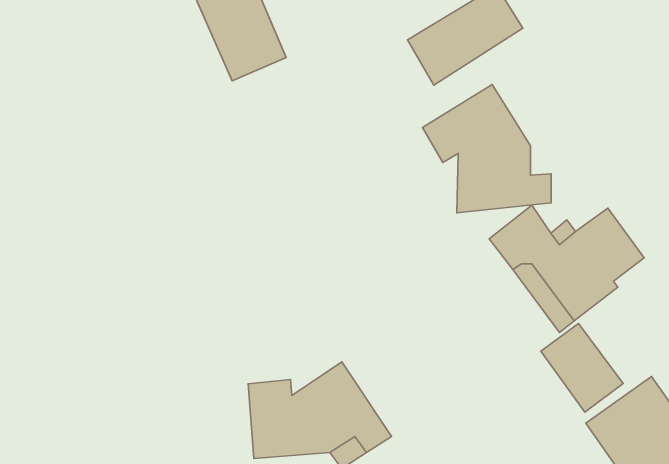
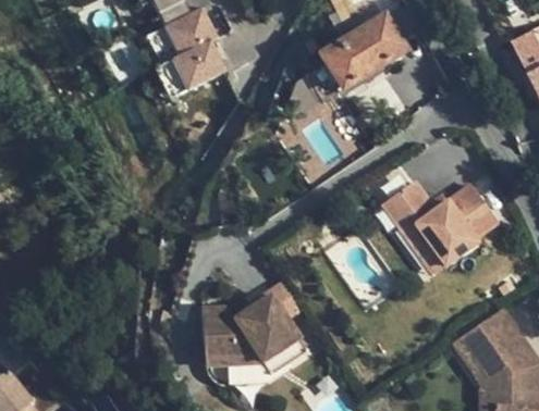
building: [423,84,551,213] -> none
building: [541,324,623,412] -> none

